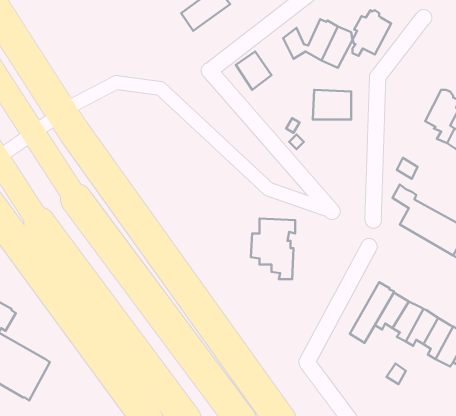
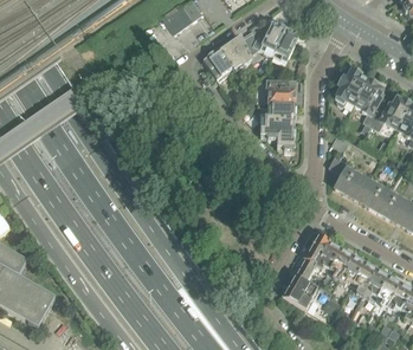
building: [353,10,391,56] -> [337,69,368,105]
building: none -> [219,37,252,72]
building: [251,219,295,279] -> [260,103,296,151]
building: none -> [283,274,317,309]

